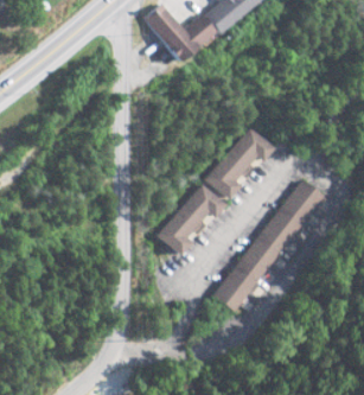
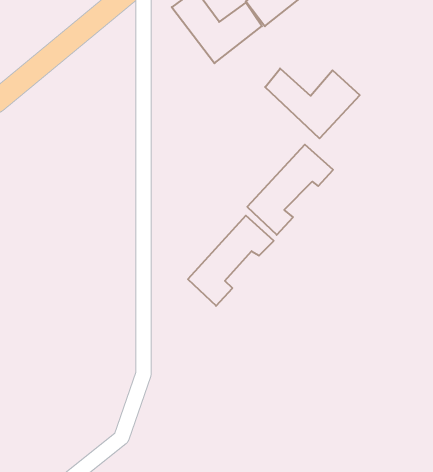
building: none -> [265,68,360,138]
building: [211,180,321,313] -> none

